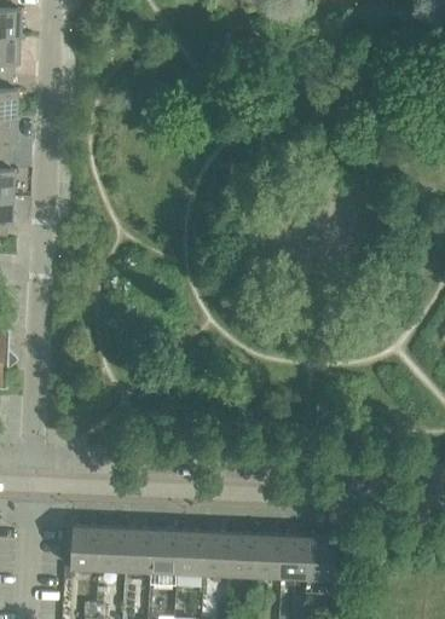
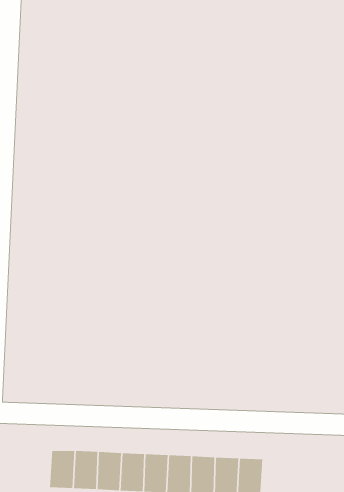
building: [69,528,98,571] -> none

